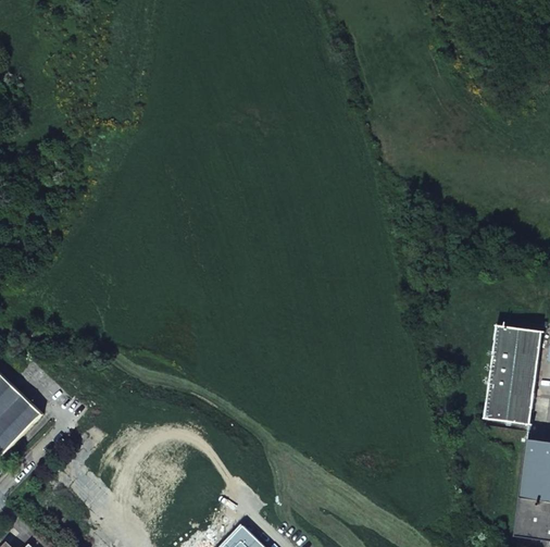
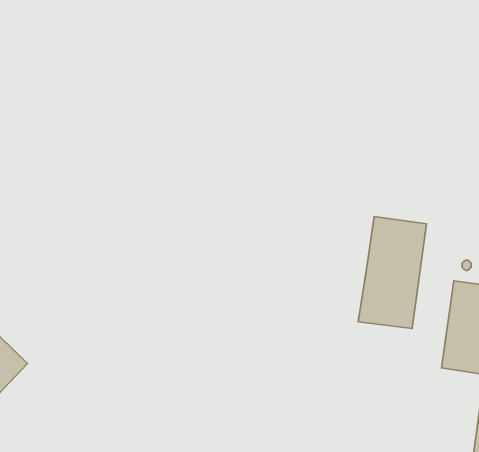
building: none -> [358,216,426,328]

